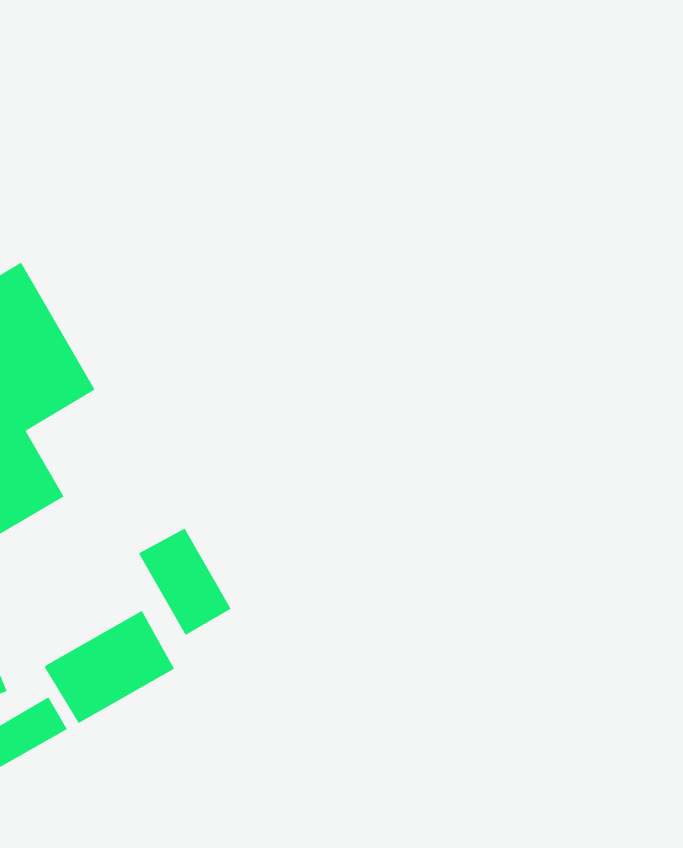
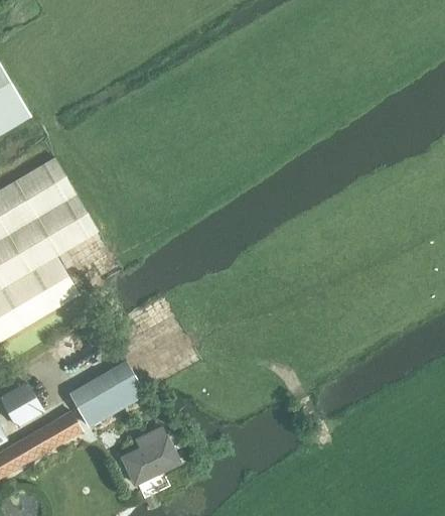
building: [139,528,231,636] -> none
building: none -> [118,426,180,487]

